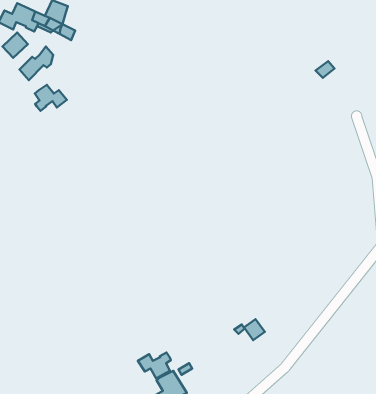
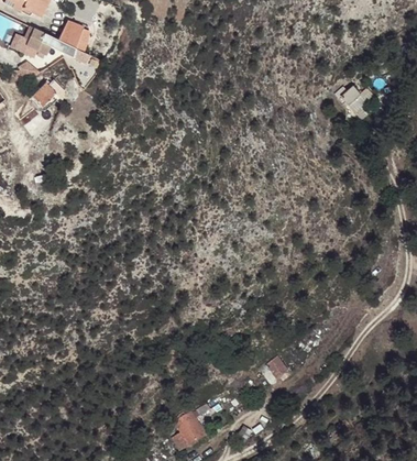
building: [35,85,67,111] -> none
building: [138,352,171,378] -> none

